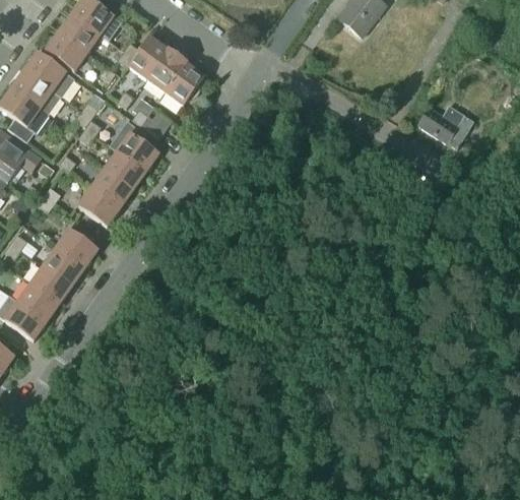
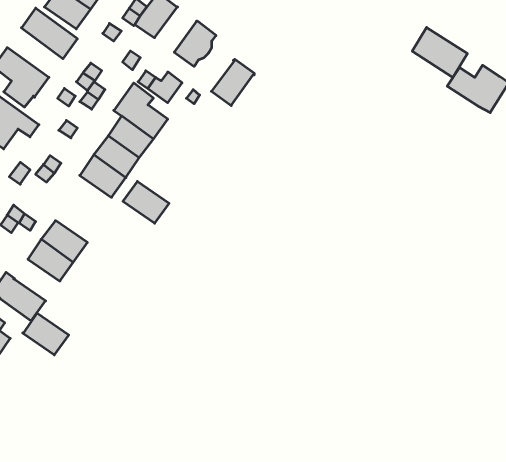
building: [147,48,187,90] -> [211,59,254,106]
building: none -> [412,27,467,77]
building: [11,68,63,114] -> none
building: [56,228,99,266] -> [123,181,169,223]
building: [17,282,60,320] -> [23,313,69,355]

